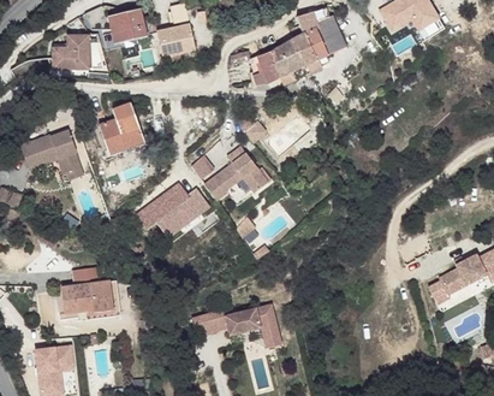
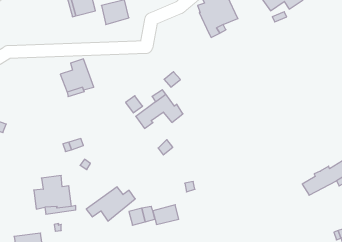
building: [52,34,88,67] -> none
building: [228,37,309,85] -> none
building: [19,130,82,179] -> none
building: [137,185,206,234] -> [86,187,135,221]
building: [258,302,286,348] -> none

